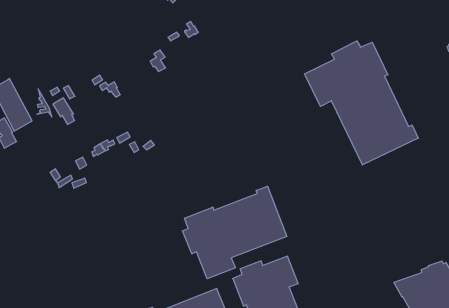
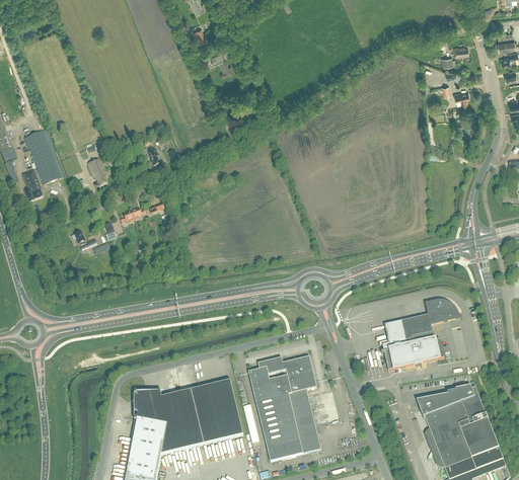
building: [305,41,418,165] -> none
building: none -> [380,300,457,370]
building: [183,186,287,279] -> none

